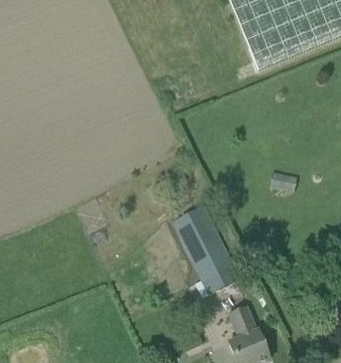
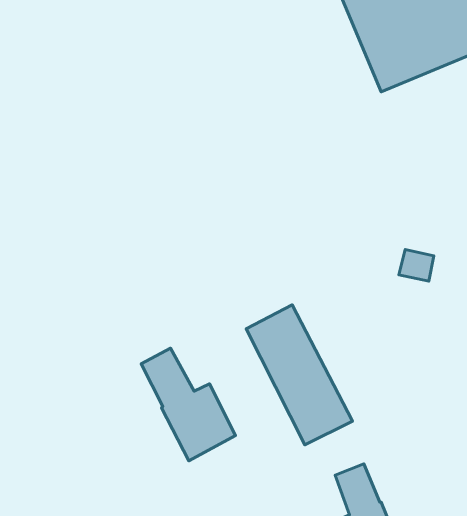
building: none -> [141,348,236,461]

